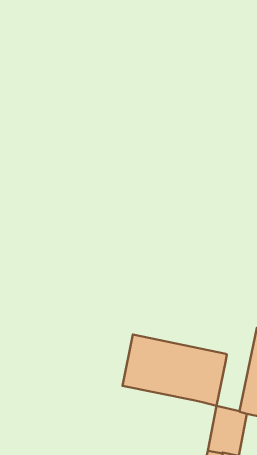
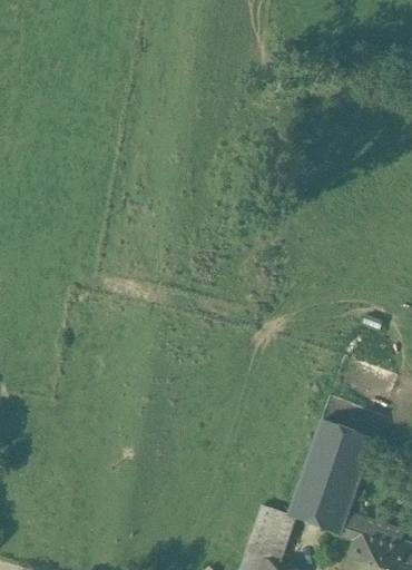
building: [122,334,227,406] -> none

